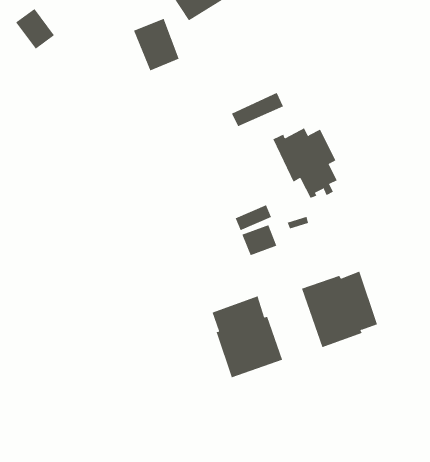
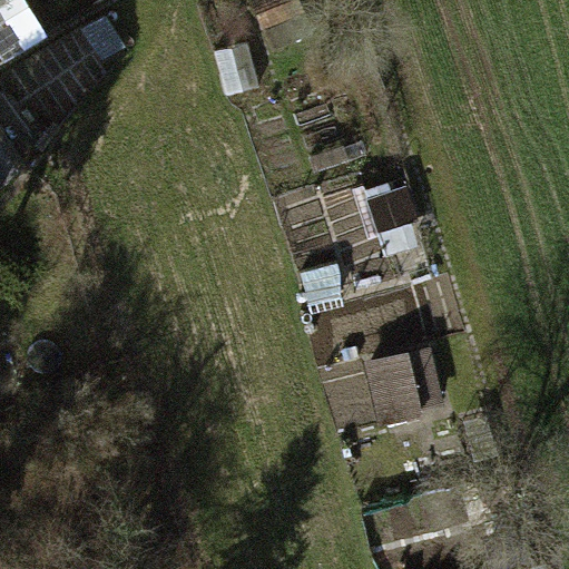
building: [212,295,283,378] -> none

